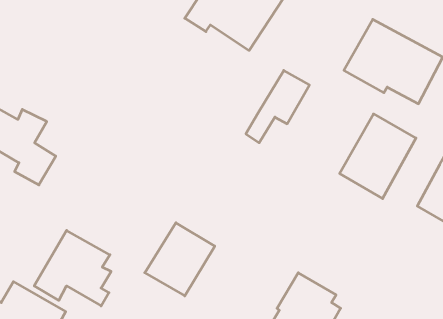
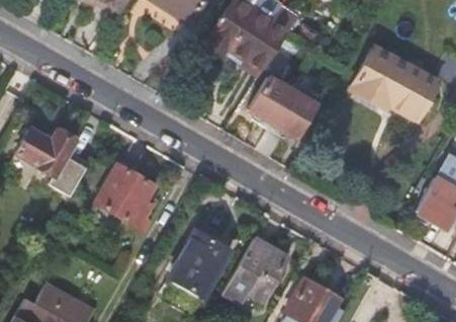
building: none -> [247,76,293,130]
building: [340,114,416,199] -> none
building: [34,230,111,306] -> [86,164,156,233]
building: none -> [223,239,288,302]

